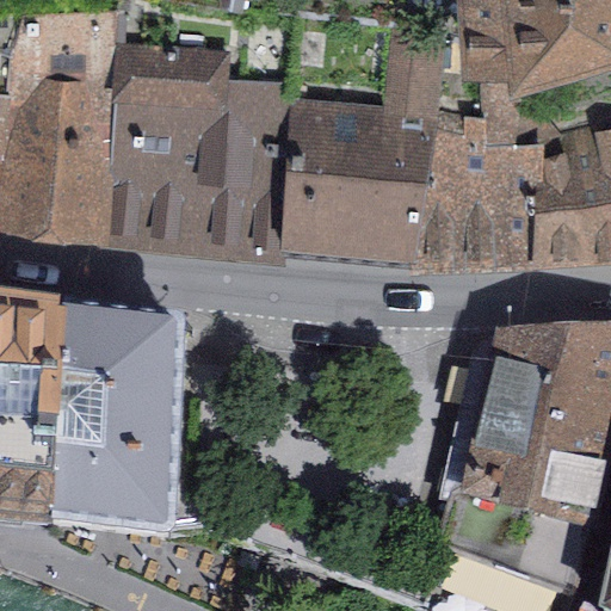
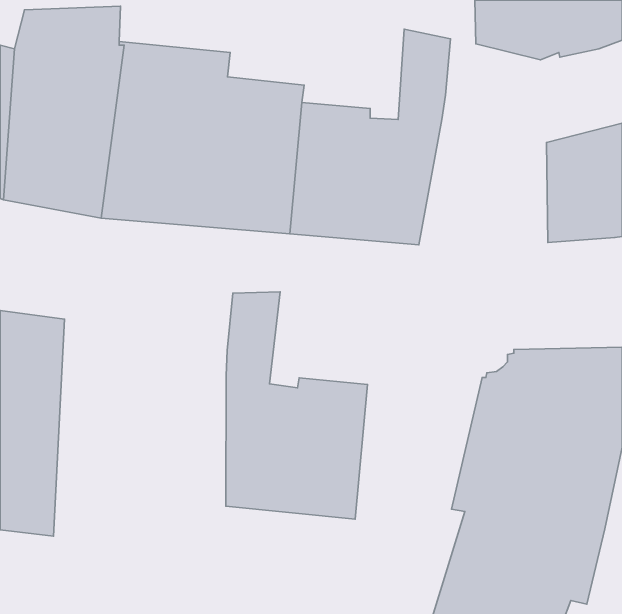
building: [411,101,537,248] -> none
building: none -> [226,292,368,519]
building: [53,321,178,544] -> none

